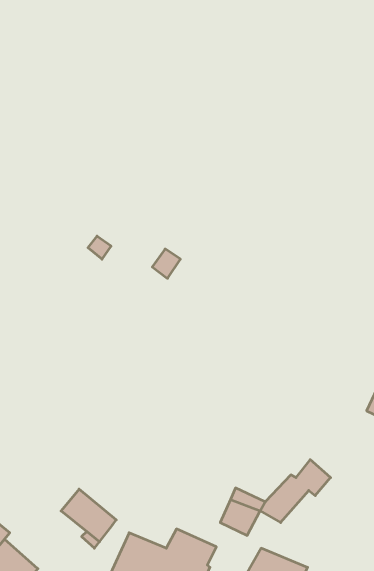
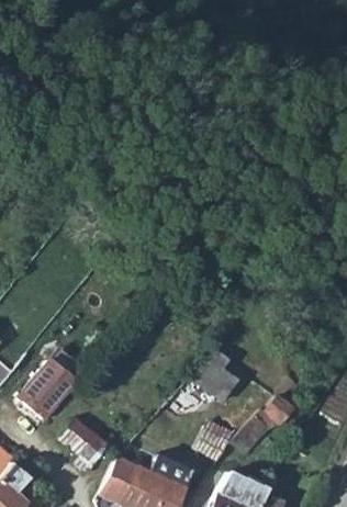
building: none -> [192,349,238,401]
building: none -> [20,361,77,419]

